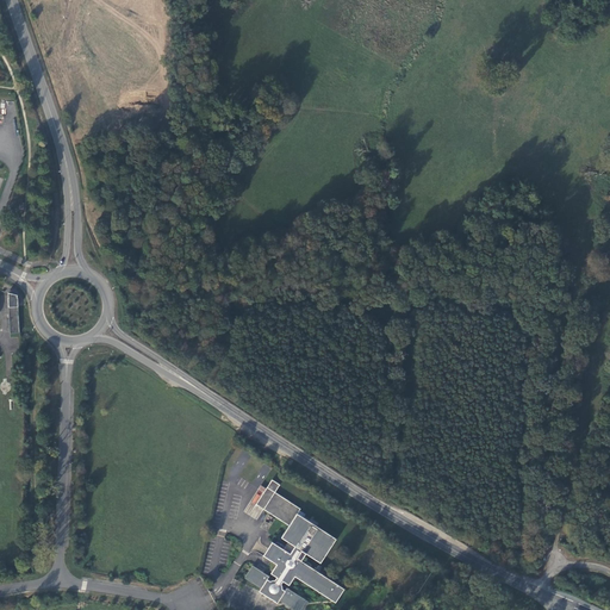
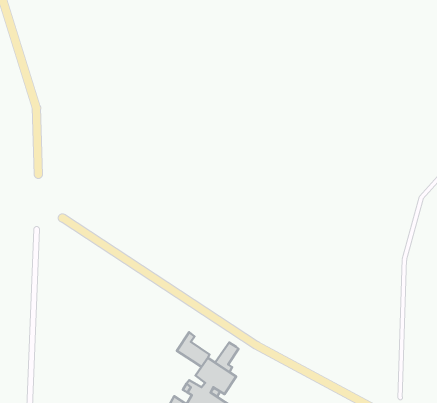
building: none -> [215,342,238,372]

